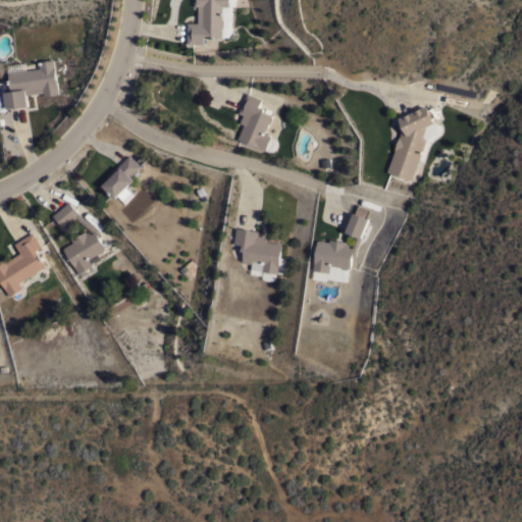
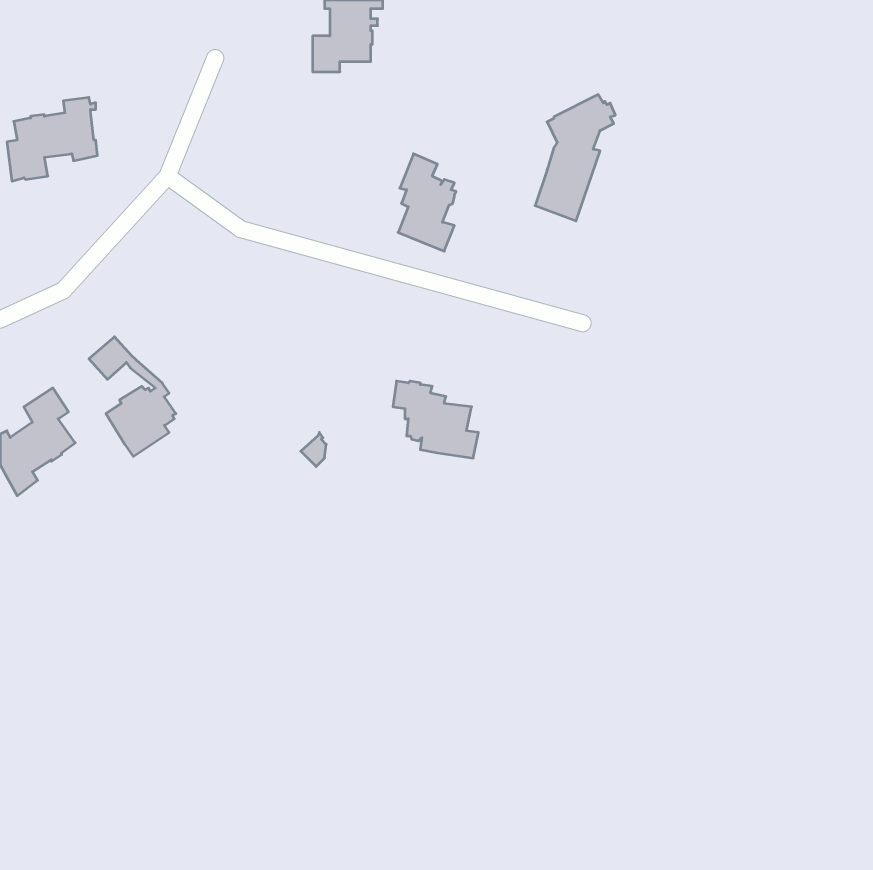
building: [387,106,435,181] -> [535,95,615,221]
building: [103,156,140,200] -> none
building: [313,206,370,276] -> none

